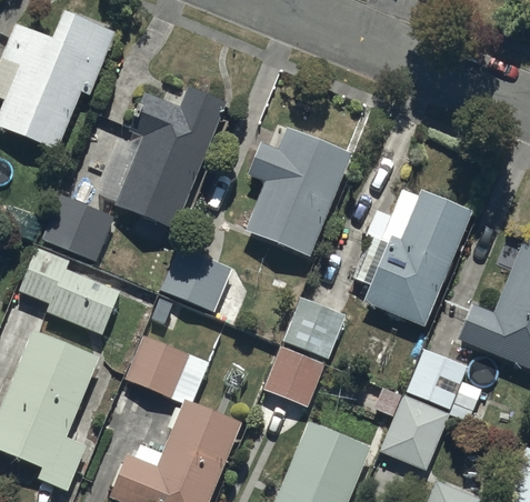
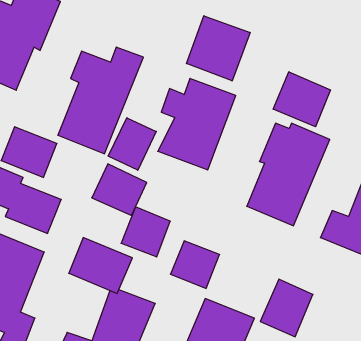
building: none -> [187,16,250,81]
building: none -> [273,72,330,127]
building: none -> [108,118,156,170]
building: [280,297,344,362] -> [121,207,170,257]
building: [403,345,481,421] -> none

